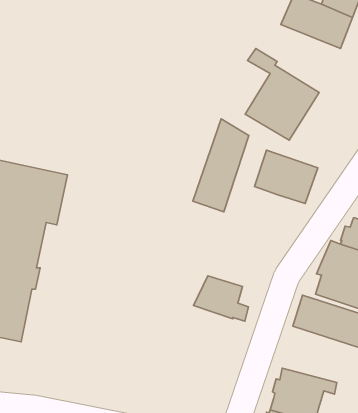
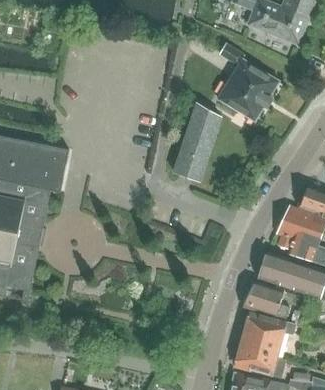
building: [254,150,318,204] -> none
building: [194,276,248,321] -> [242,281,288,319]

